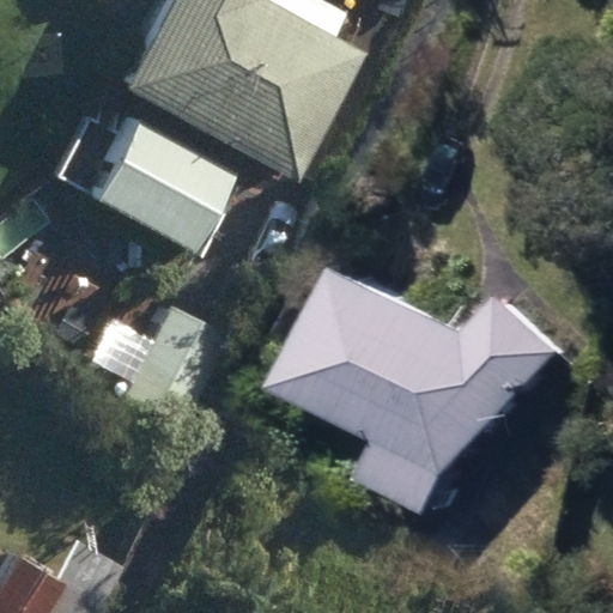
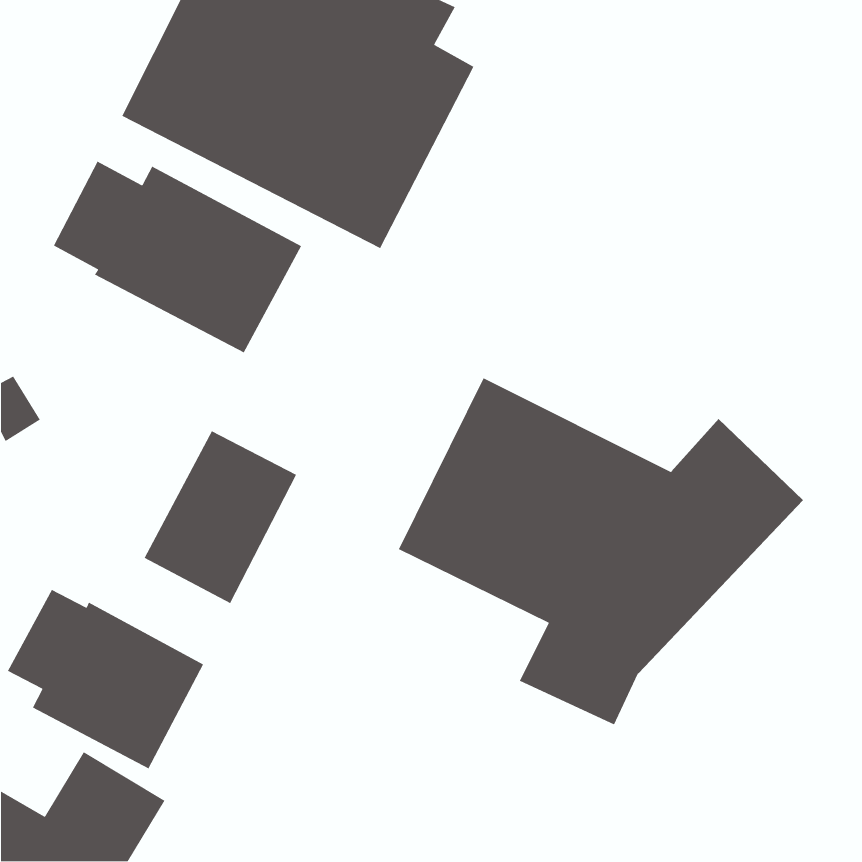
building: none -> [7,589,204,770]

